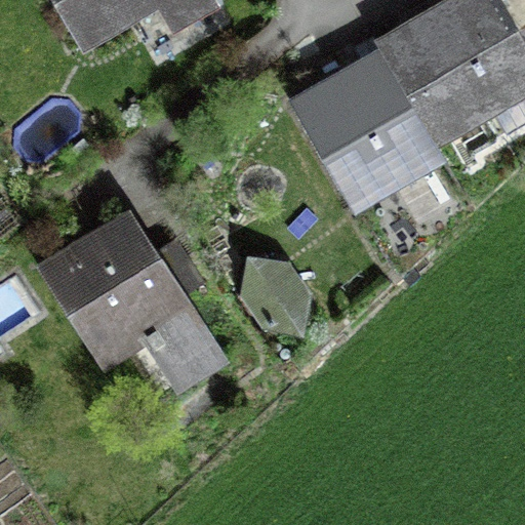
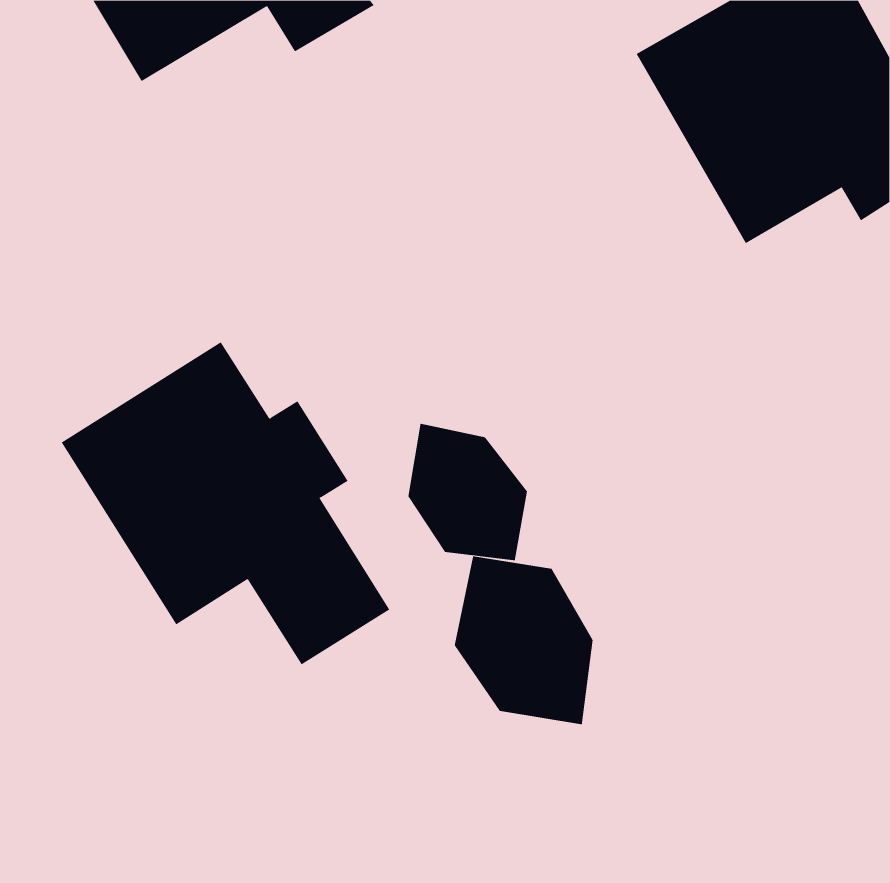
building: [287,36,447,214] -> none
building: none -> [454,556,593,725]

